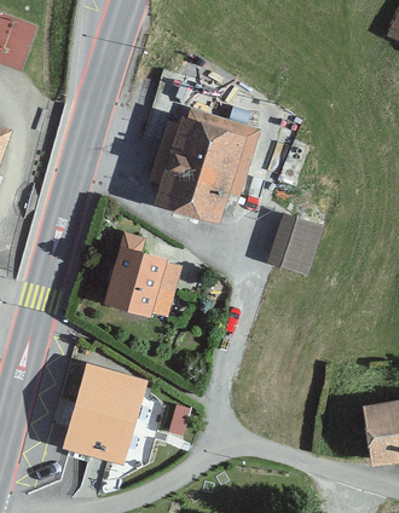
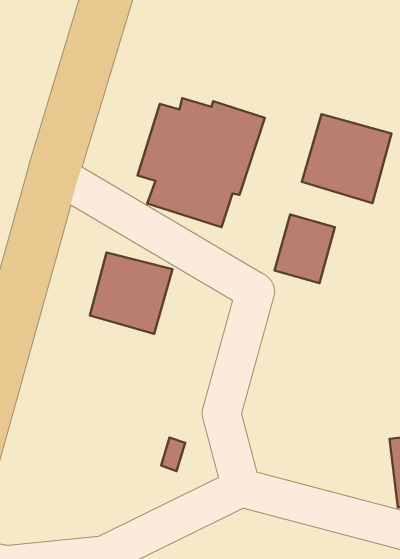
building: none -> [302,114,392,203]
building: [62,364,143,462] -> none

